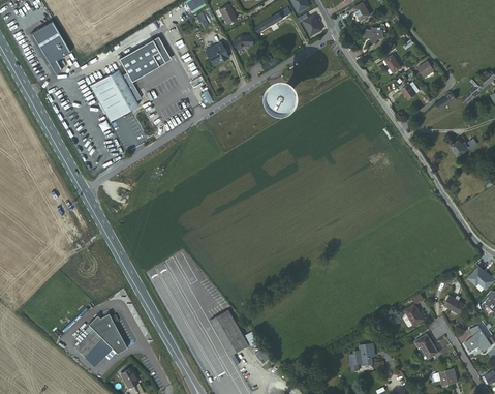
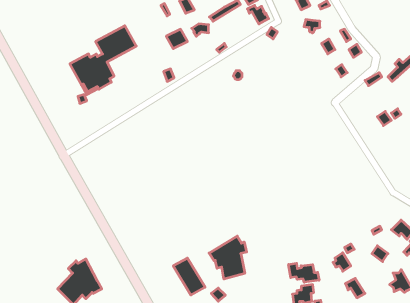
building: [32,23,67,72] -> none
building: none -> [209,236,247,279]
building: none -> [289,263,319,282]

